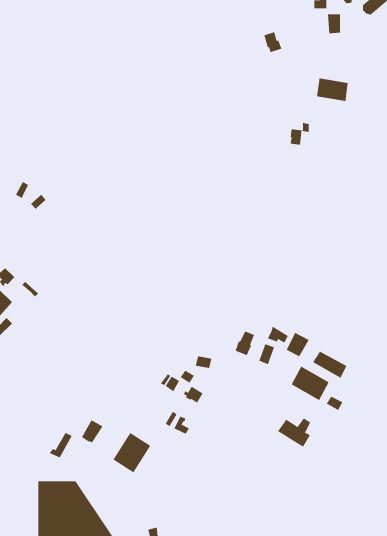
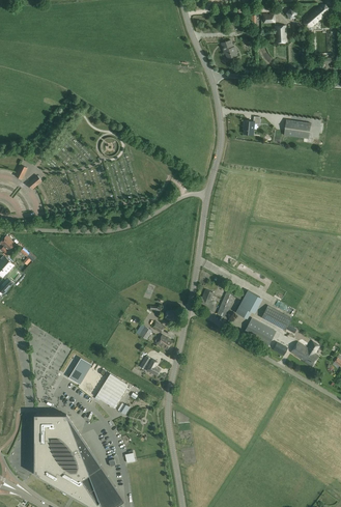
building: [316,78,349,101] -> [284,119,311,139]
building: [277,418,311,448] -> [291,341,319,366]

